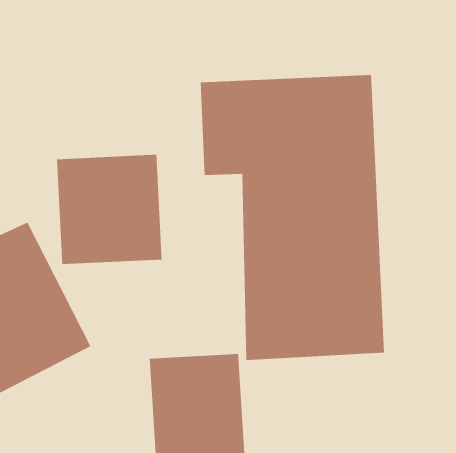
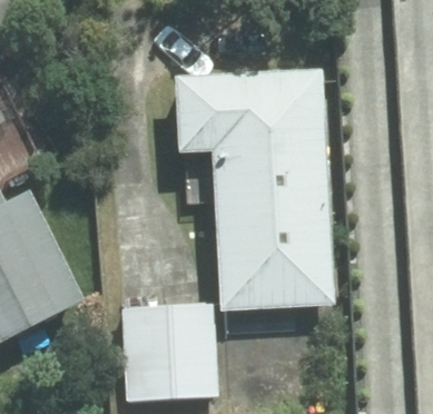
building: [56,154,163,265] -> none

